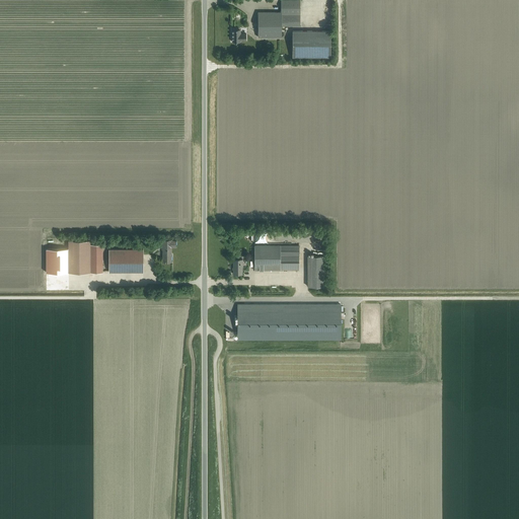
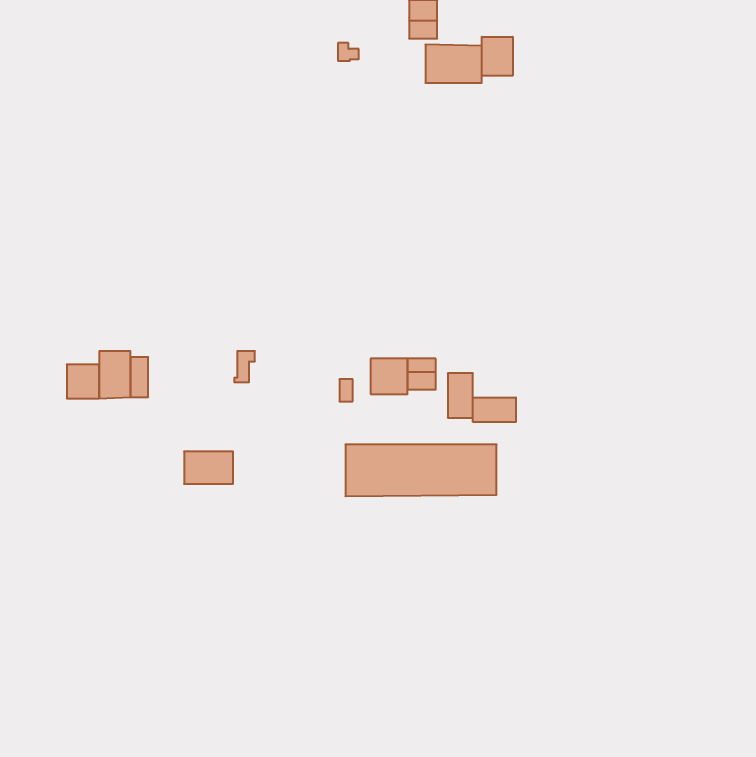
building: [256,12,280,38] -> none
building: none -> [482,37,513,76]
building: [108,249,142,272] -> [184,451,233,484]
building: none -> [473,397,516,422]

